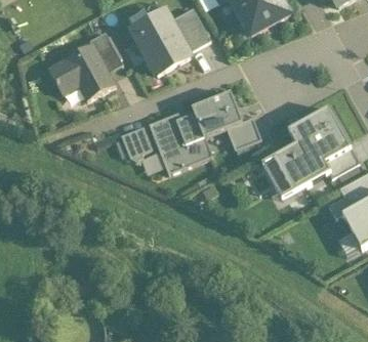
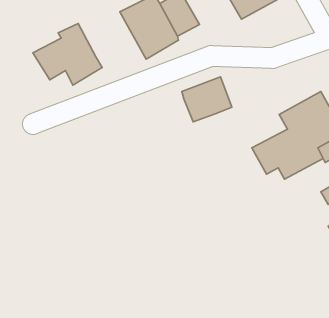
building: [90,30,121,72] -> none
building: [149,113,211,174] -> none
building: [226,117,260,148] -> none
building: [120,126,151,160] -> none

